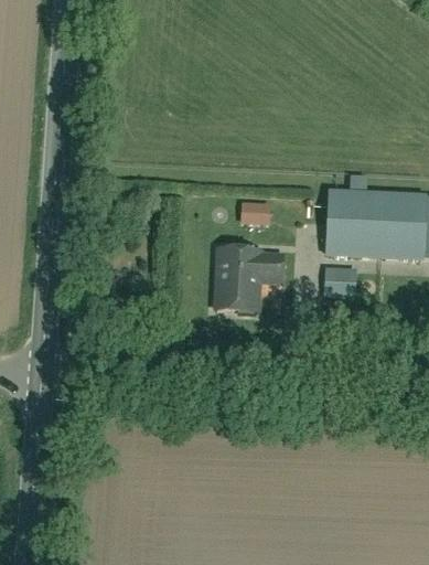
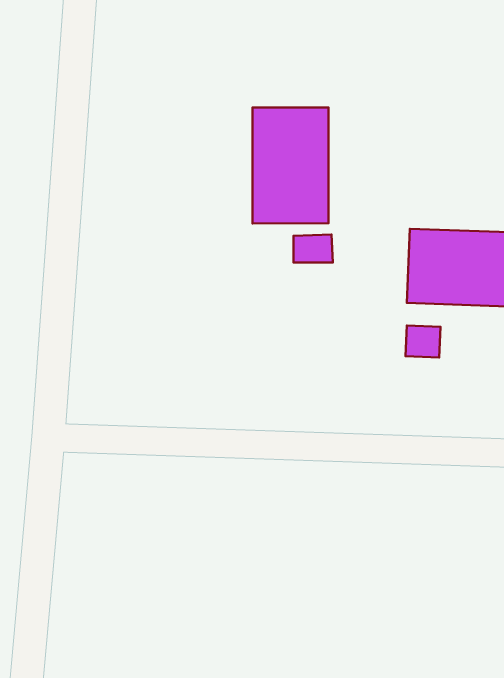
building: none -> [253,107,329,223]
building: [218,248,281,310] -> none

